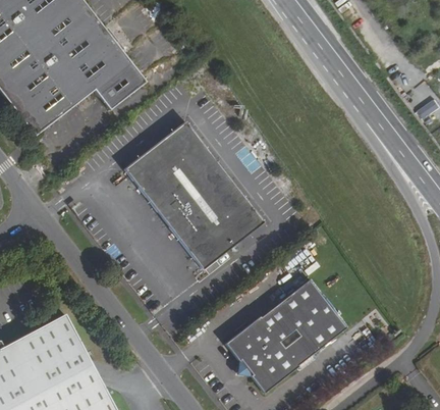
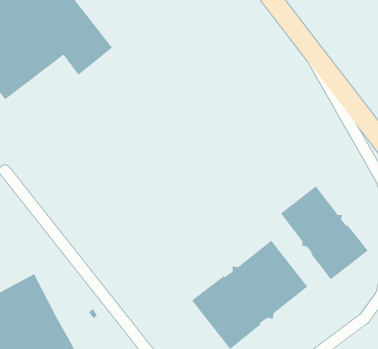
building: [124,121,264,270] -> none
building: none -> [280,186,368,280]

